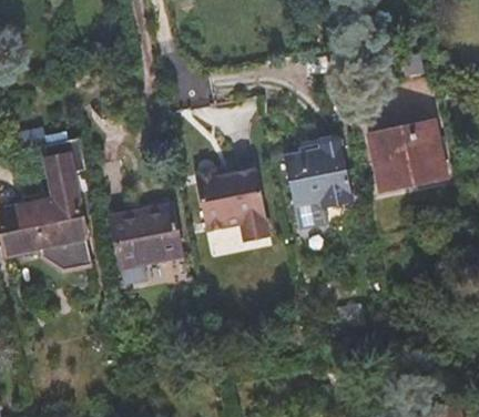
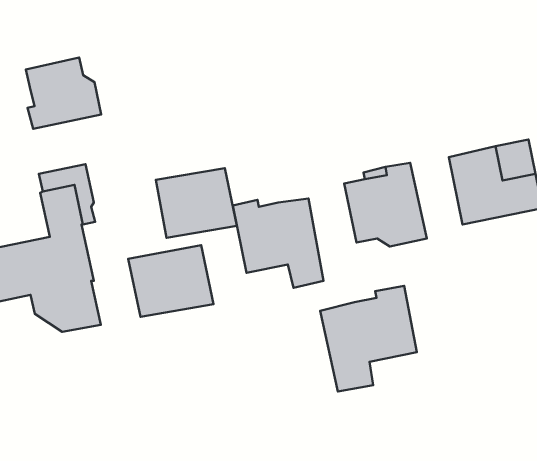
building: none -> [26,58,101,129]
building: none -> [156,168,237,238]
building: none -> [320,286,417,391]

